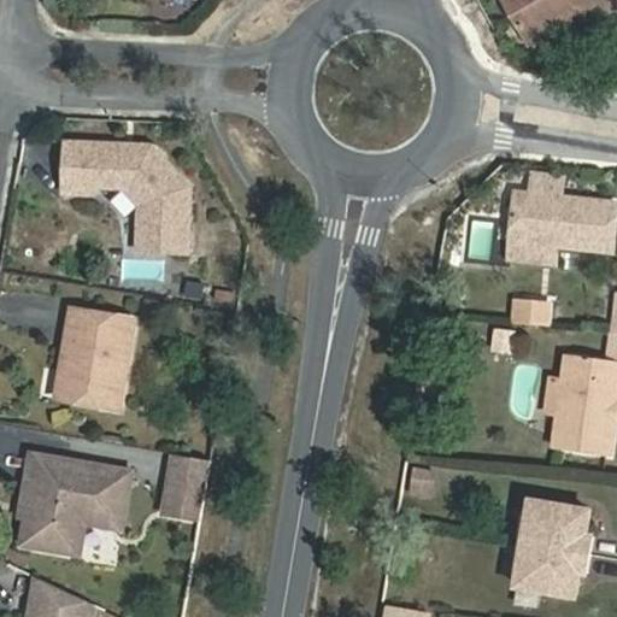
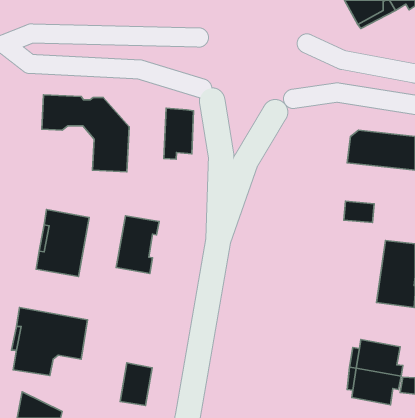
building: none -> [164,108,193,159]
building: none -> [116,216,159,274]
building: [158,454,205,517] -> [120,363,152,405]

